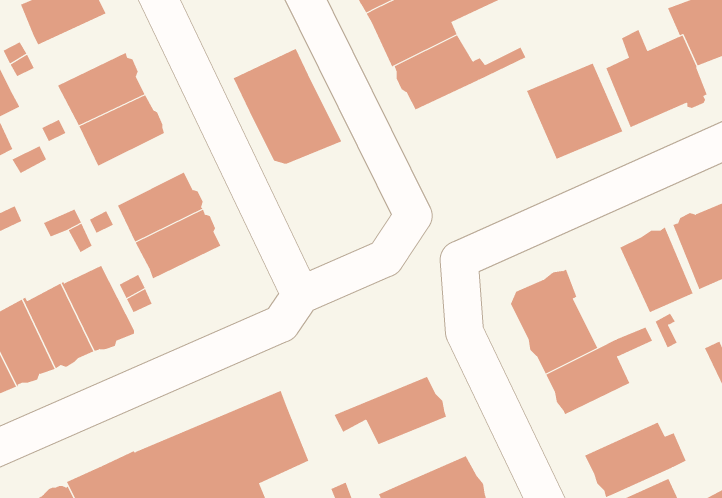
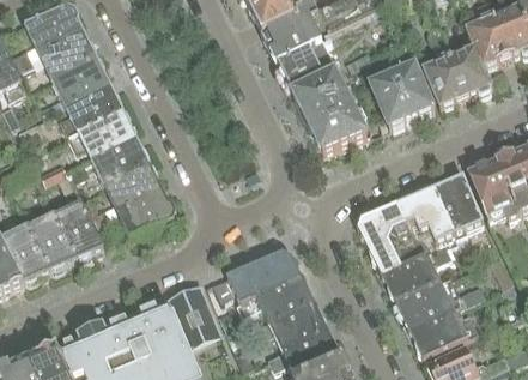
building: none -> [36,26,96,76]
building: [233,48,342,164] -> [292,72,366,151]
building: none -> [77,108,135,157]
building: none -> [114,185,175,235]
building: none -> [395,186,451,254]
building: none -> [224,248,301,300]
building: none -> [394,275,484,327]
building: none -> [256,301,327,348]

